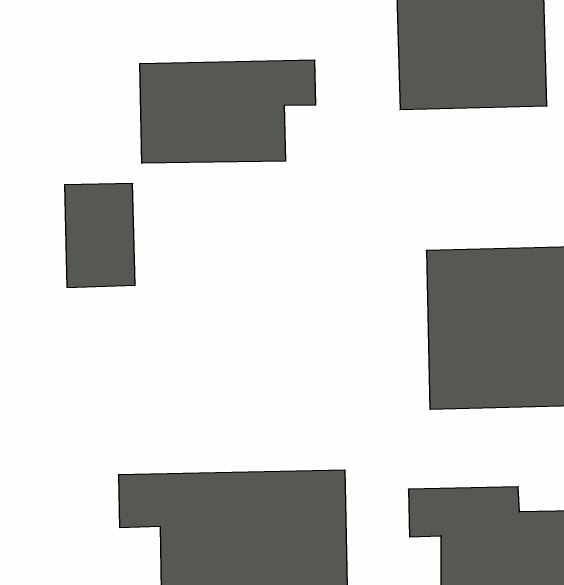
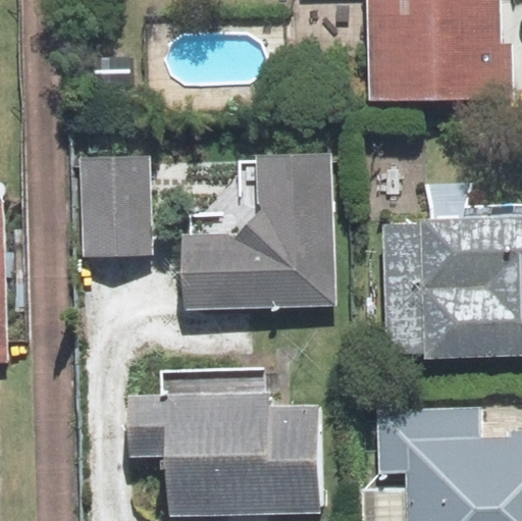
building: [140,60,316,163] -> none
building: none -> [184,166,331,307]

